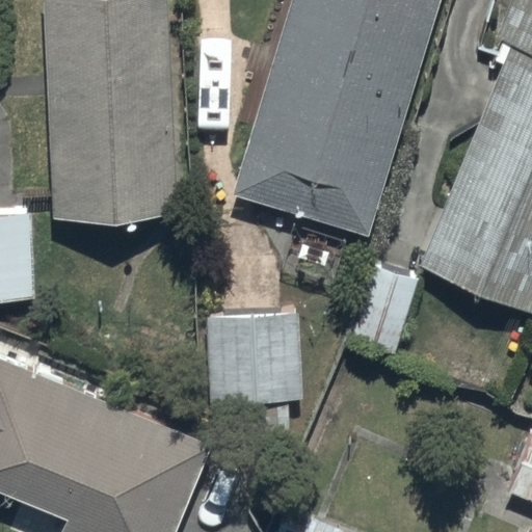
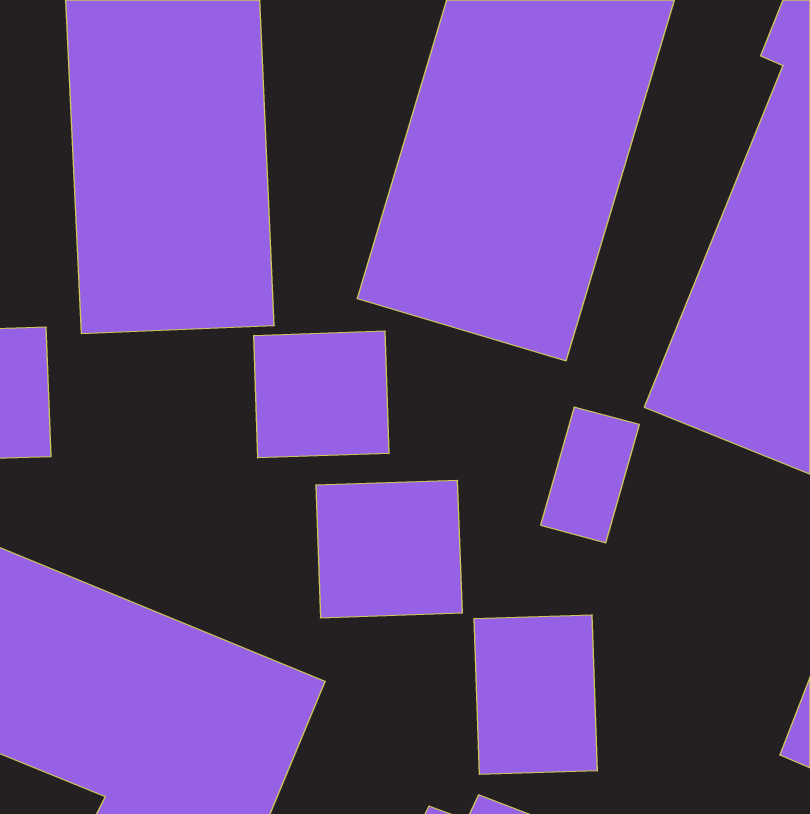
building: none -> [254,331,389,458]
building: none -> [474,615,597,774]

